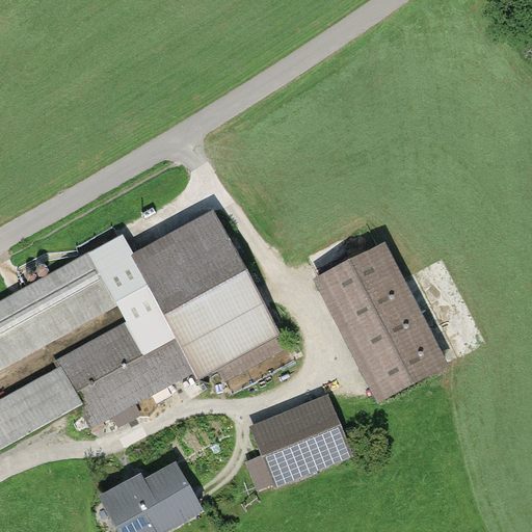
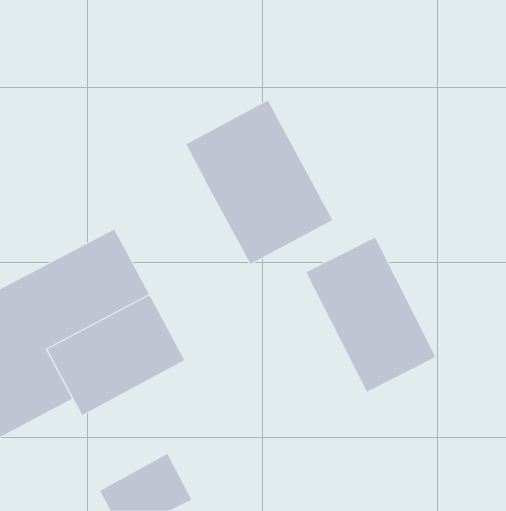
building: [129,210,281,379] -> [185,100,333,265]
building: [247,393,352,488] -> none

